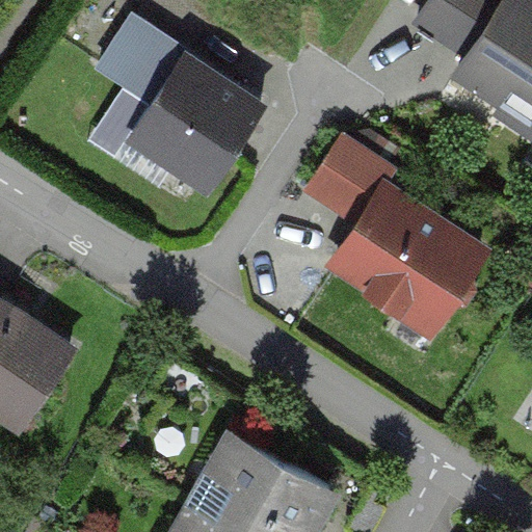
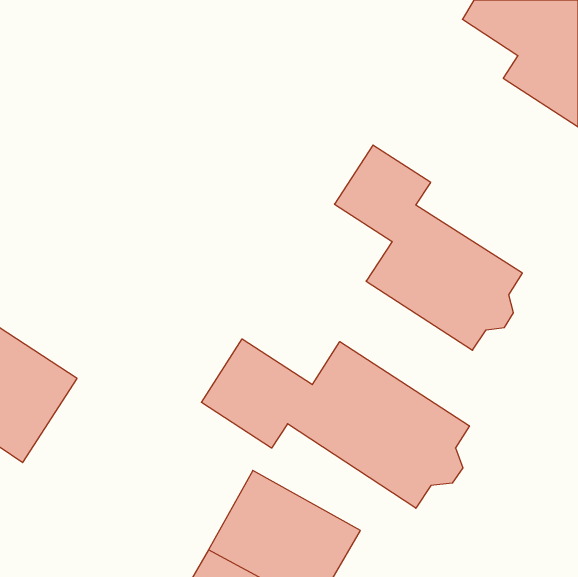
building: [101,24,261,185] -> none
building: none -> [201,339,469,508]

